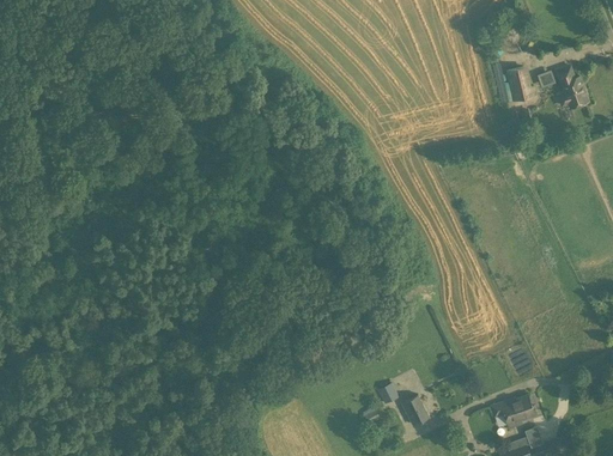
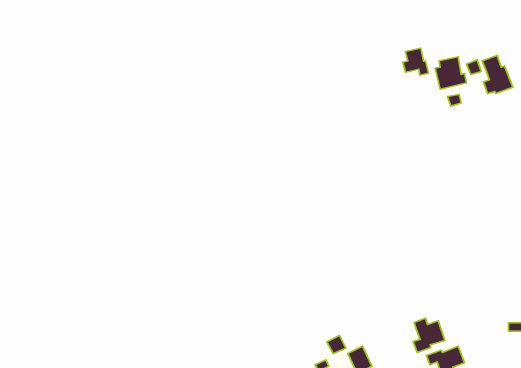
building: none -> [403,48,428,75]
building: none -> [413,318,445,352]

